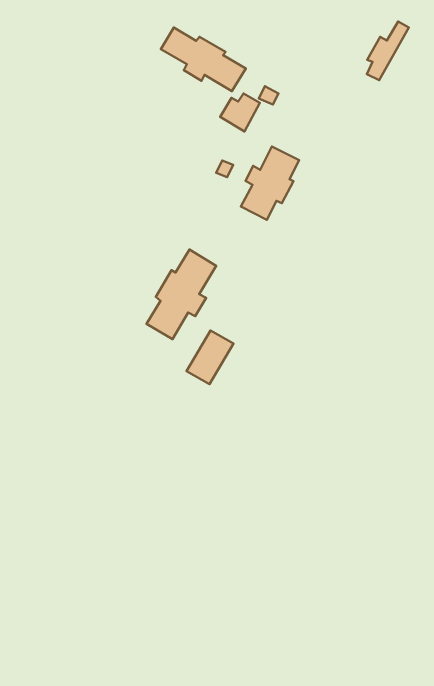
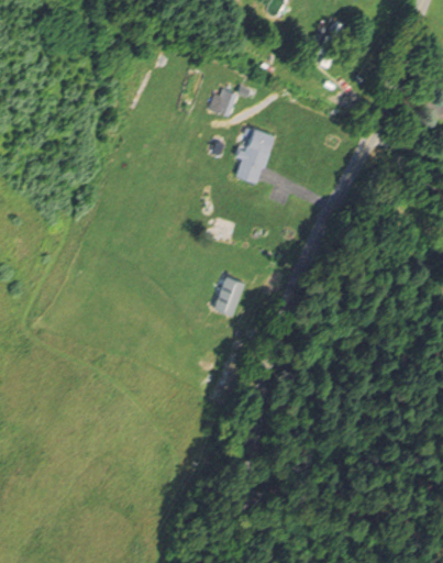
building: [161,27,246,91] -> none
building: [147,249,216,339] -> none

